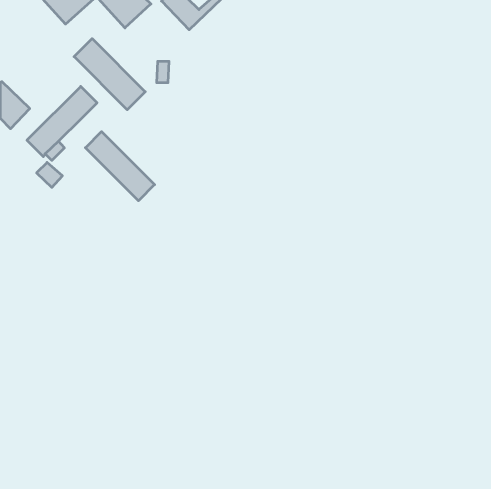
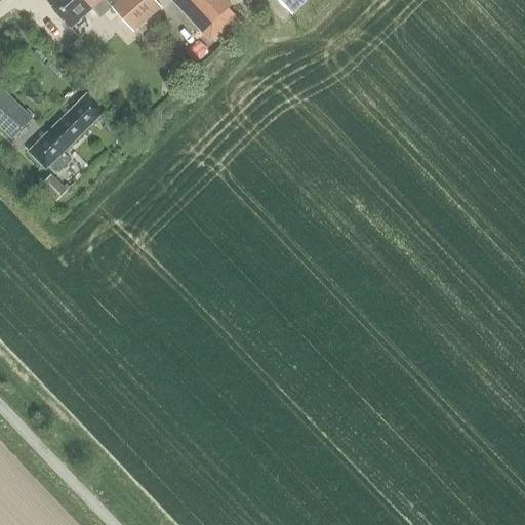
building: [74,39,145,110] -> none
building: [85,132,155,201] -> none

